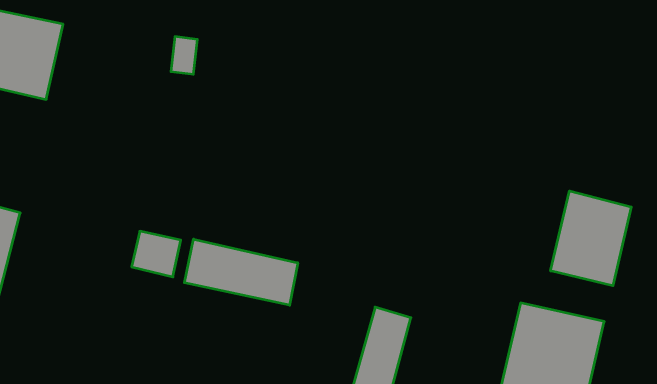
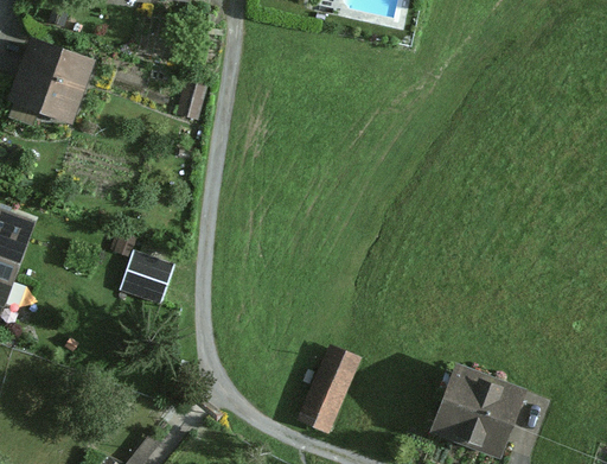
building: [551,191,631,286] -> none
building: [184,239,298,305] -> none

